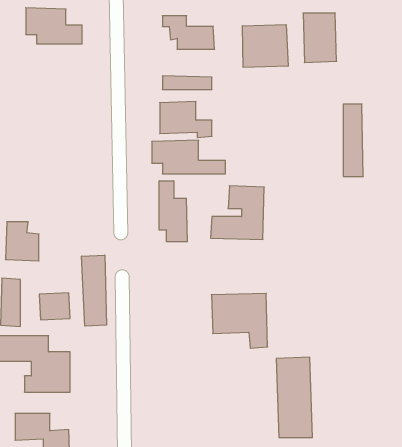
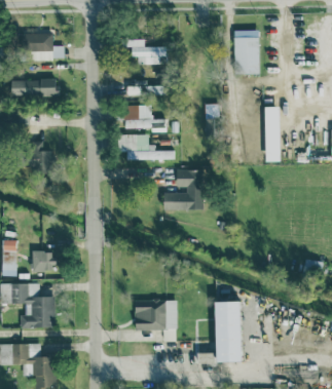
building: [242,25,288,67] -> none
building: none -> [10,78,58,95]
building: [159,181,187,242] -> none
building: [5,222,39,261] -> [26,141,51,170]
building: [82,255,106,326] -> none
building: [211,293,268,348] -> [134,299,177,341]

